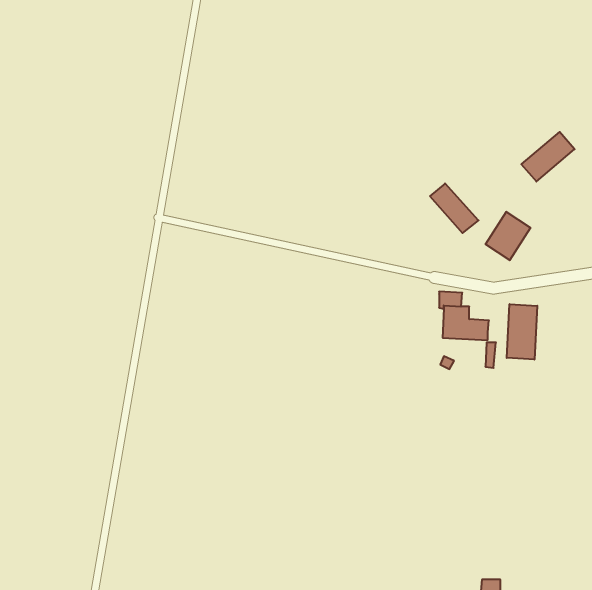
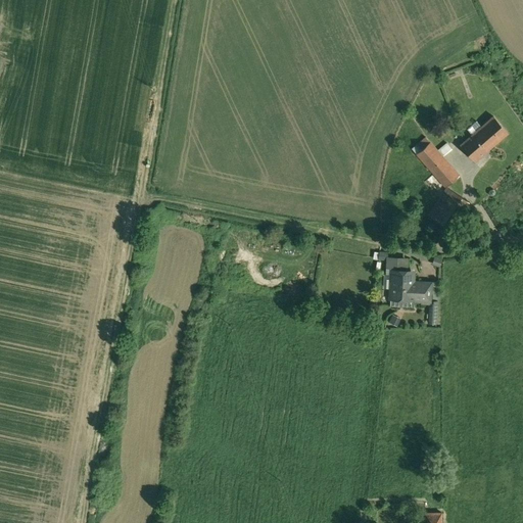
building: [430,183,479,233] -> [416,143,459,187]
building: [507,304,537,360] -> none

